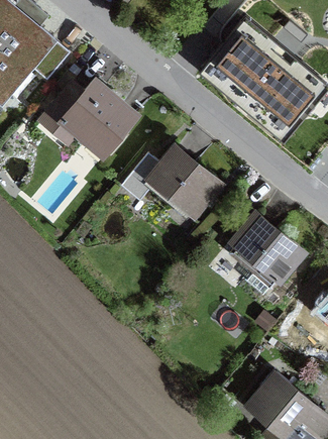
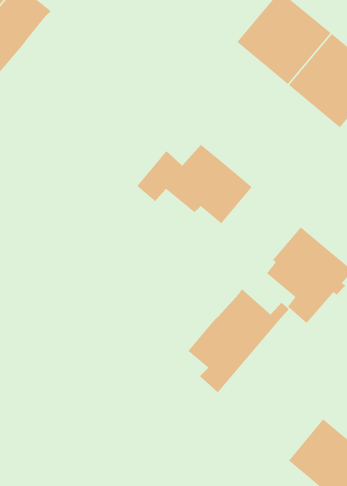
building: [31,38,71,80] -> none
building: [36,80,142,166] -> none
building: none -> [187,289,290,393]

